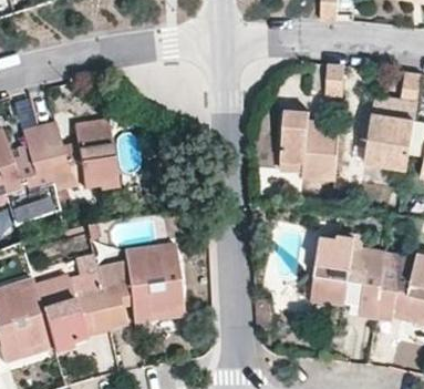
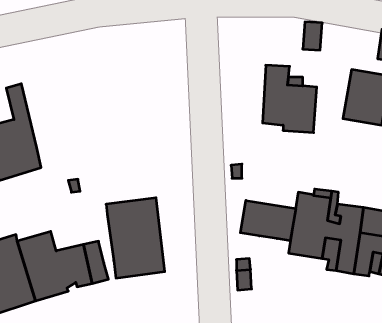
building: [39,119,117,191] -> none
building: none -> [240,200,296,241]
building: [96,258,133,308] -> none

